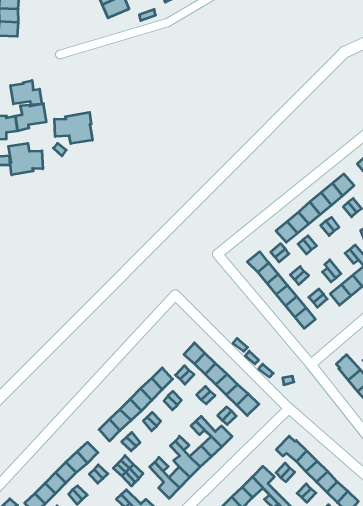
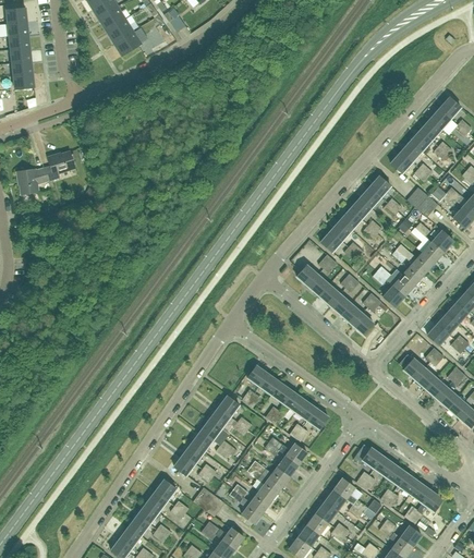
building: [11,80,42,105] -> none
building: [55,112,92,144] -> none
building: [8,143,43,175] -> none

